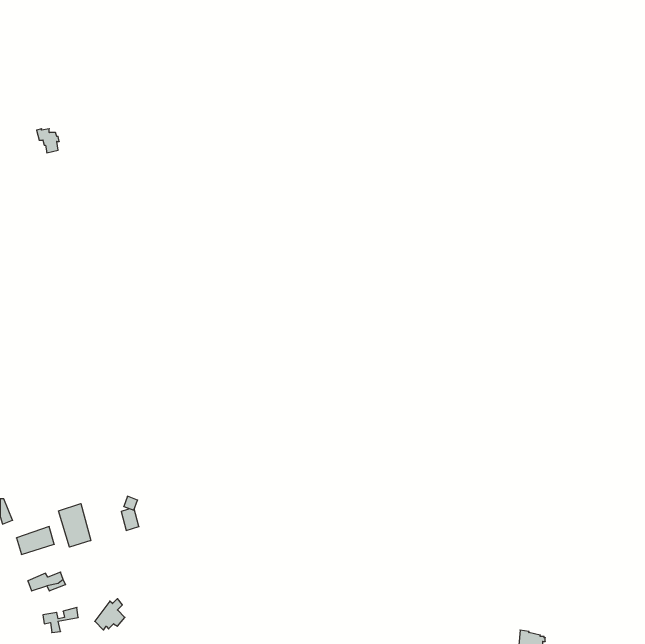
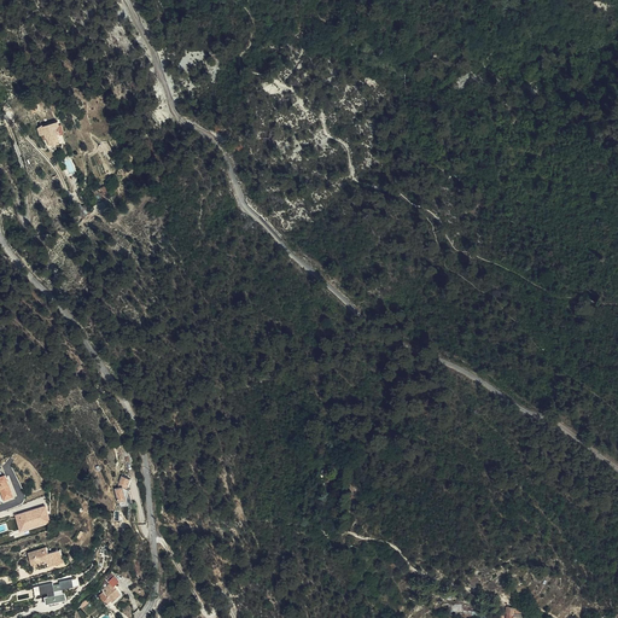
building: [58,504,91,547] -> none

